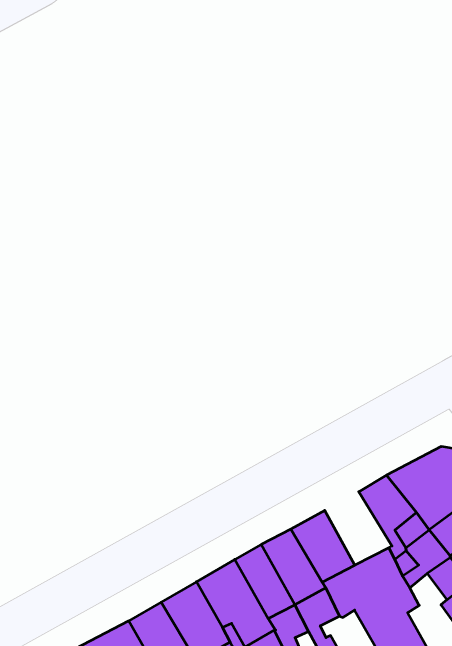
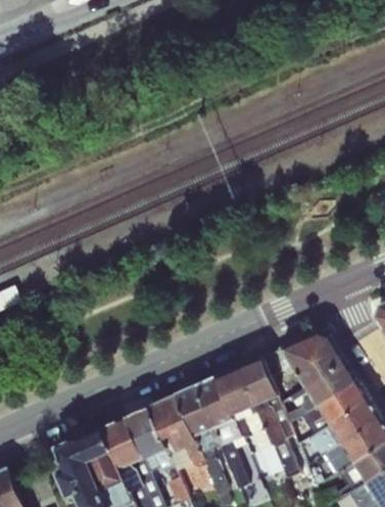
building: none -> [238,358,280,406]

